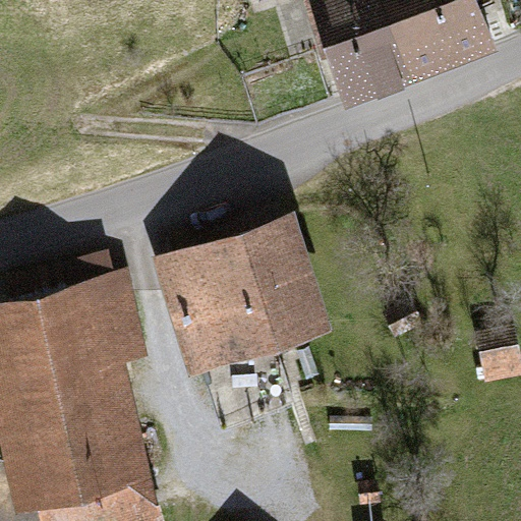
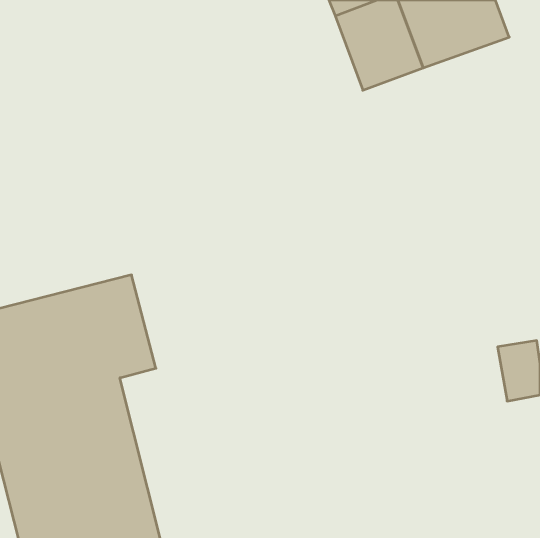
building: [159,218,339,379] -> none

